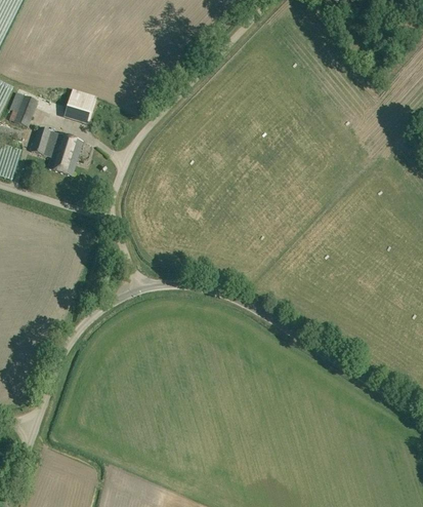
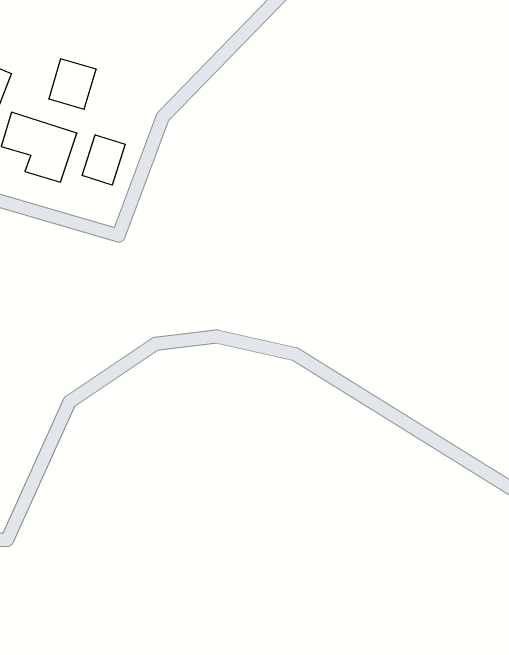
building: none -> [82,135,125,185]

